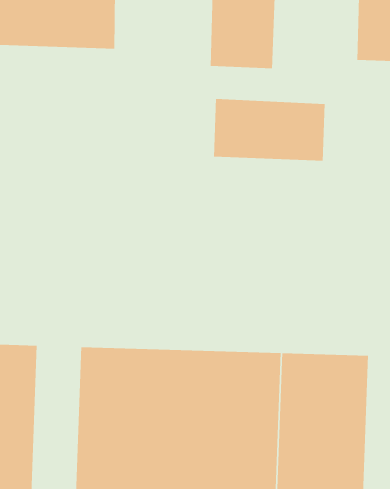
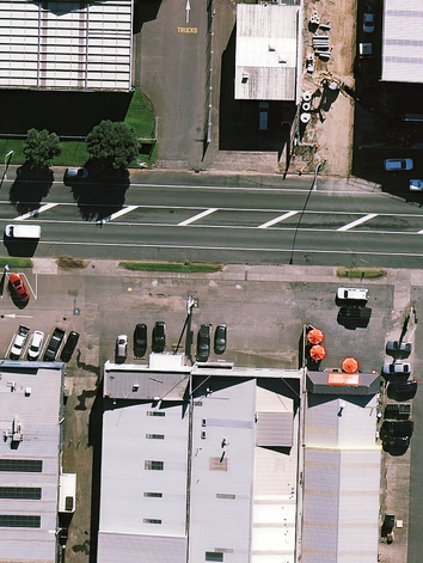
building: [213,98,325,161] -> none

